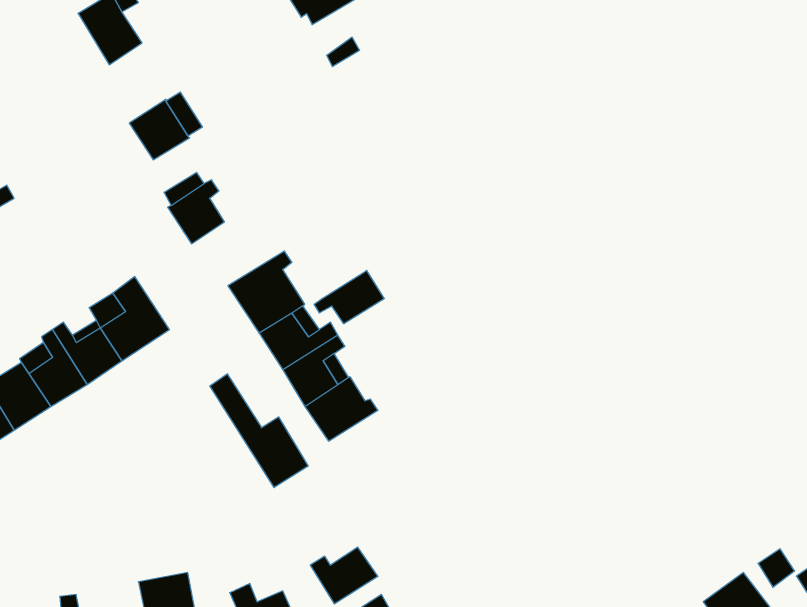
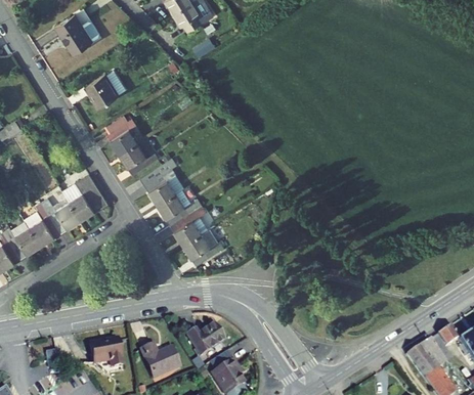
building: none -> [120,137,158,173]
building: [314,270,384,324] -> none
building: [210,374,308,488] -> none

